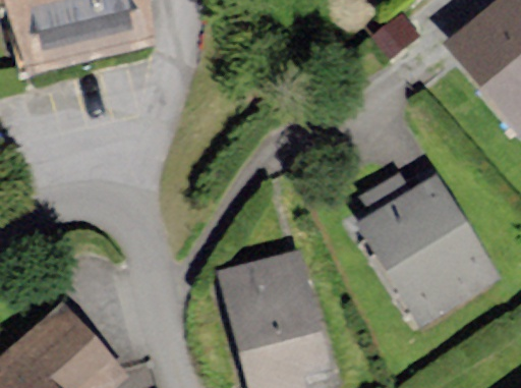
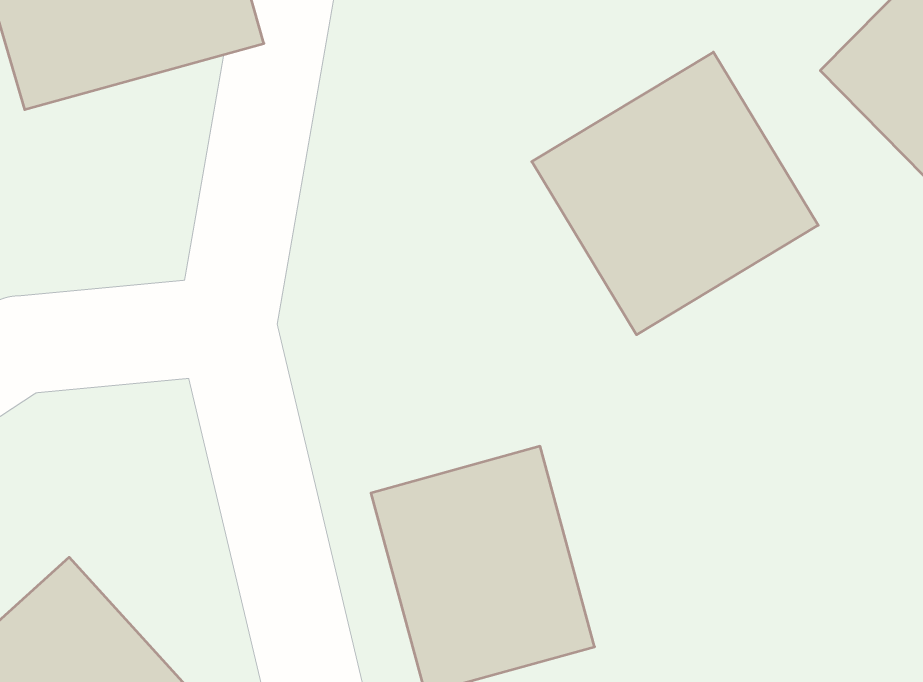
building: none -> [532,52,818,335]
building: [360,168,489,307] -> none

